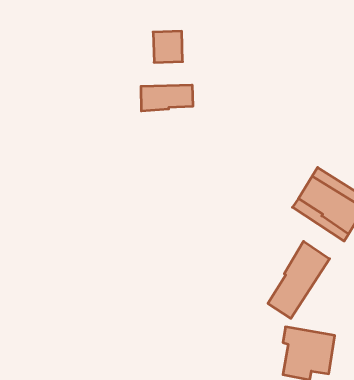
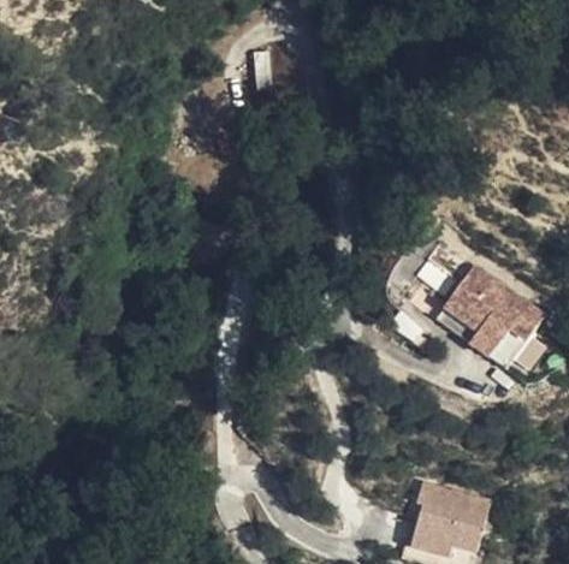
building: [141,85,193,111] -> none
building: [268,241,330,318] -> none

